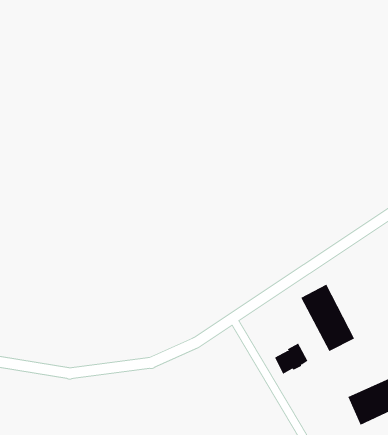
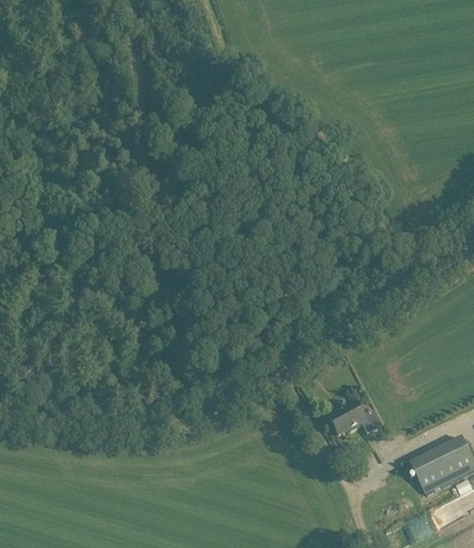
building: [300,284,355,352] -> none

